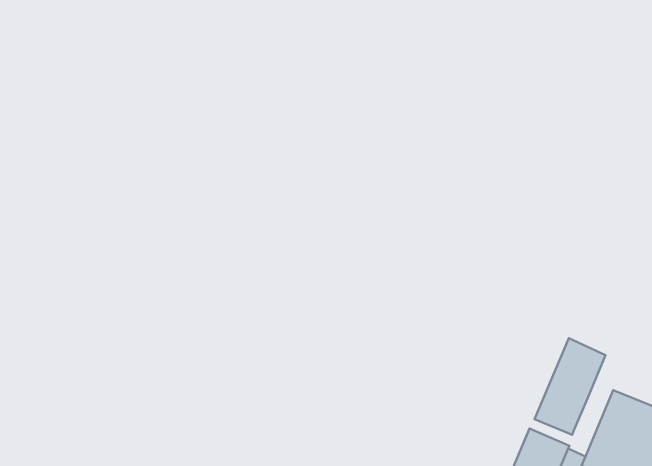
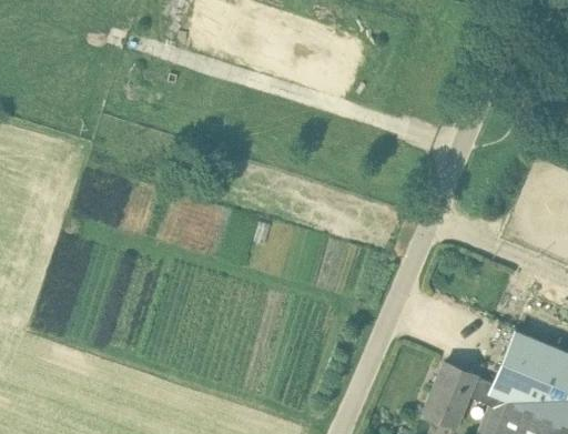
building: [535,338,606,435] -> none

